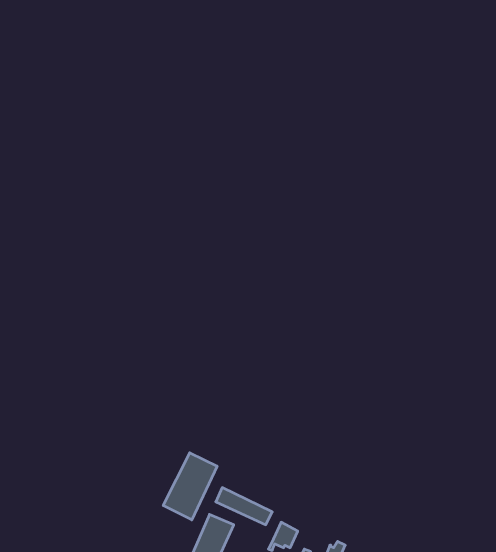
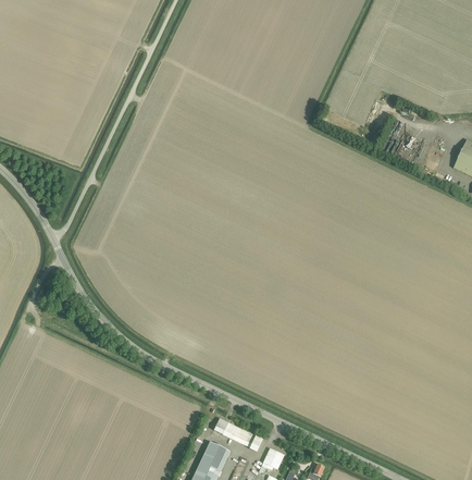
building: [163,453,217,520] -> none

